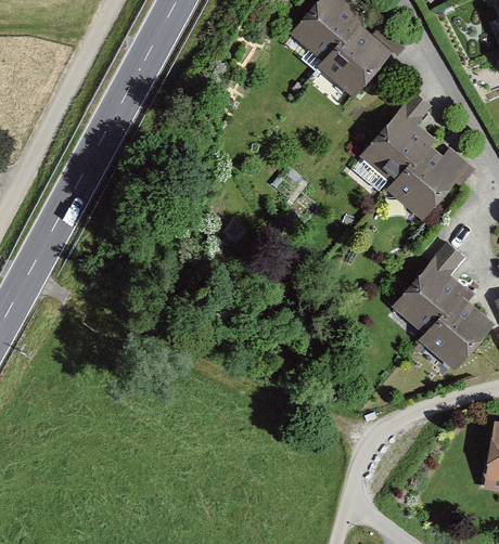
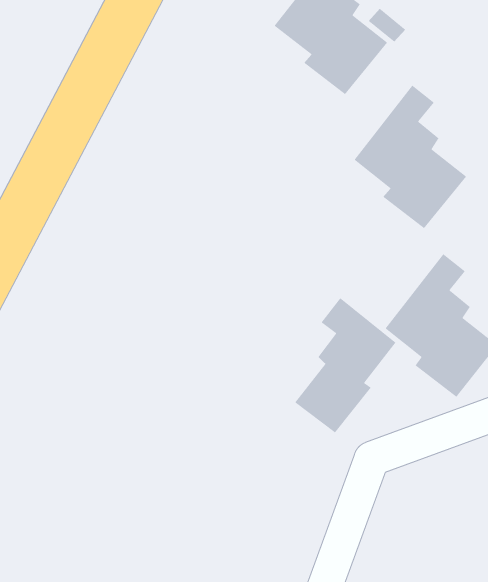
building: none -> [294,297,397,433]

